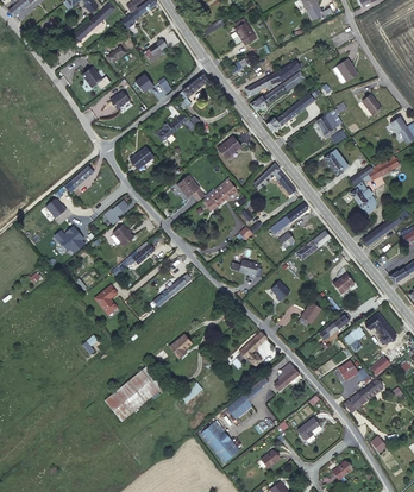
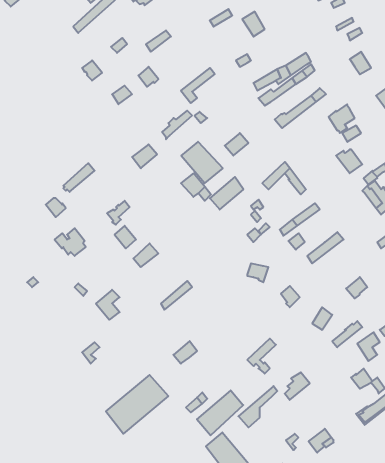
building: none -> [181,142,223,183]
building: none -> [197,390,243,435]

